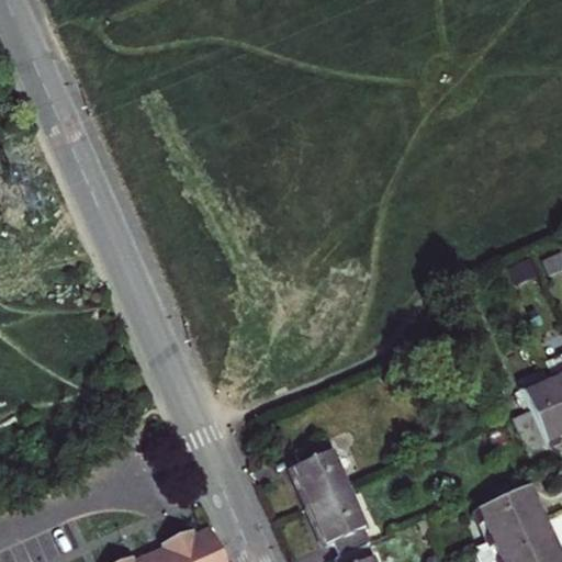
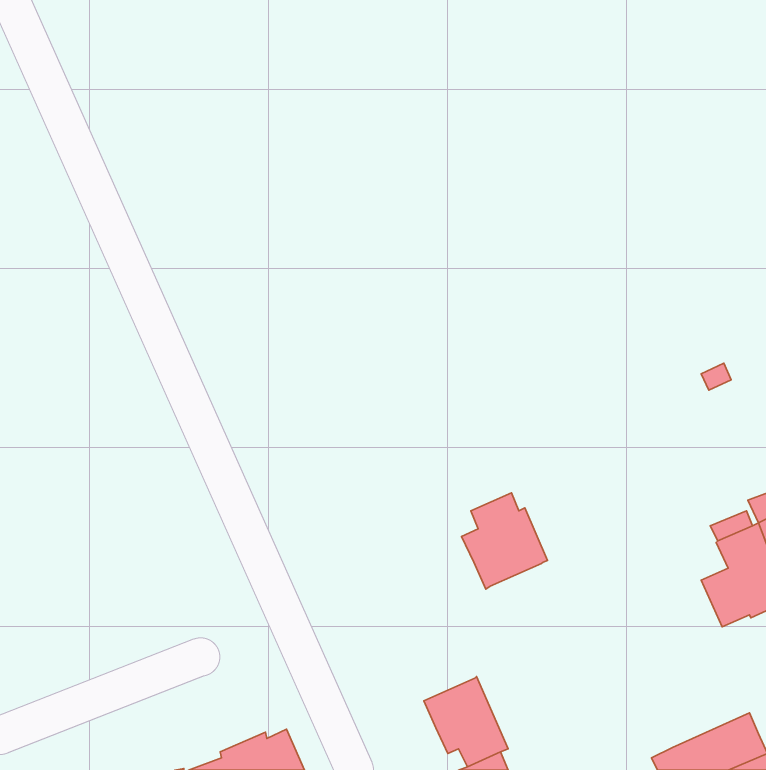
building: [291,442,353,513] -> [462,493,548,589]
building: [480,488,549,544] -> none

